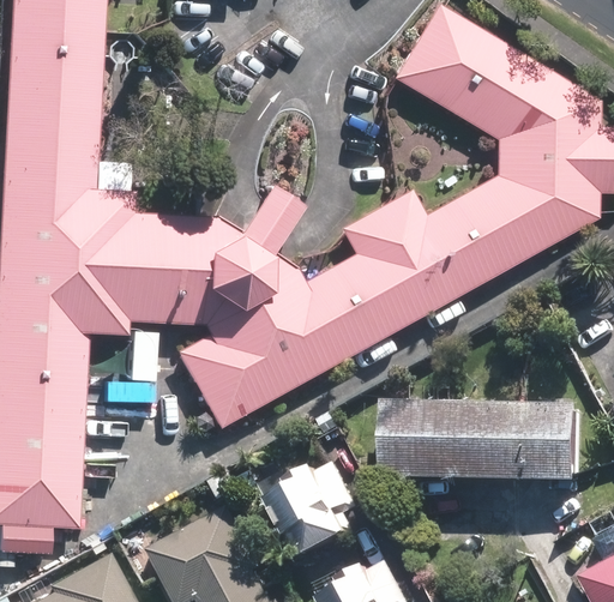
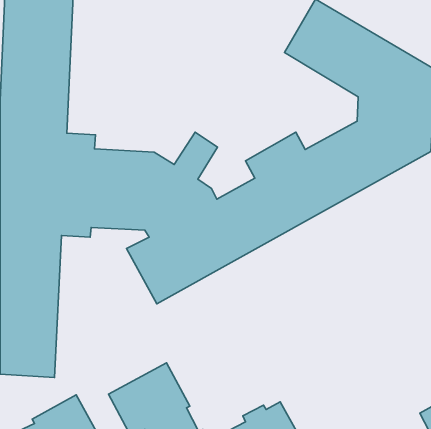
building: [390,404,585,483] -> none
building: [265,464,361,560] -> none

